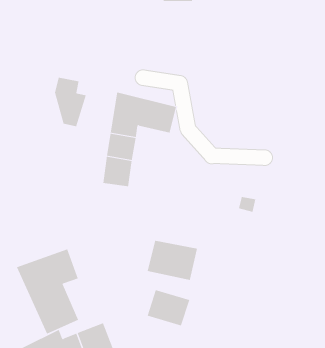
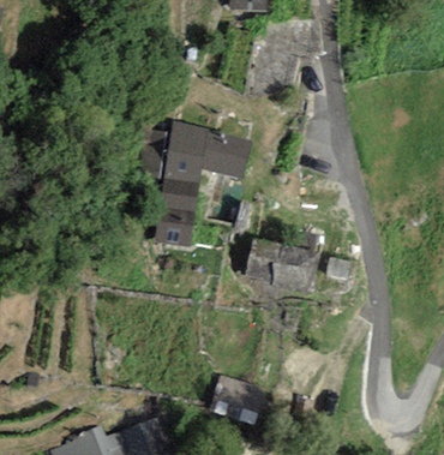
building: [54,77,86,127] -> none
building: [147,240,198,281] -> [244,238,308,289]
building: [16,249,79,335] -> none

